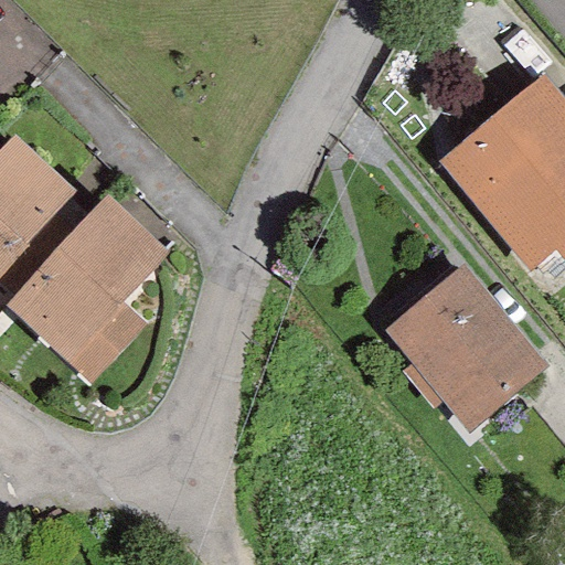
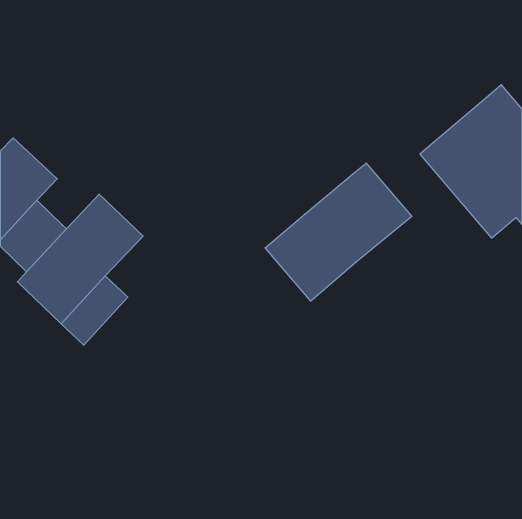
building: none -> [265,163,412,301]
building: [398,277,535,418] -> none

